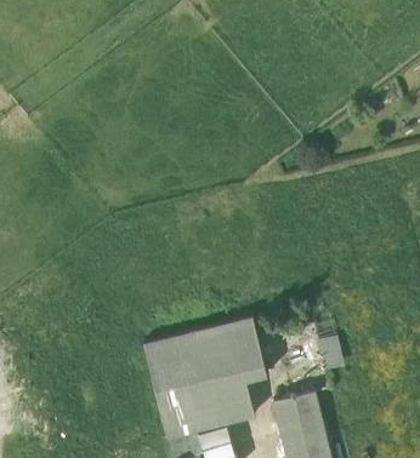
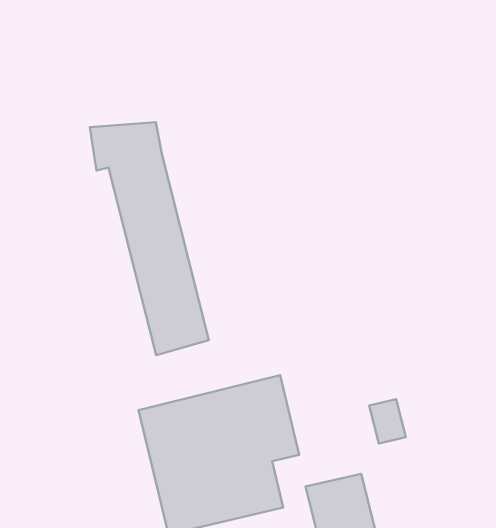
building: none -> [90,122,209,355]

